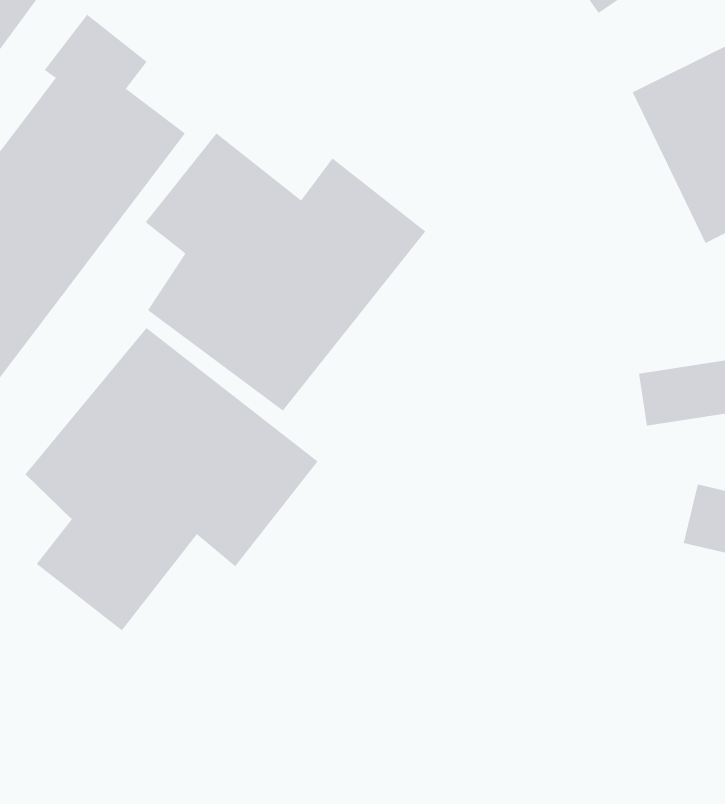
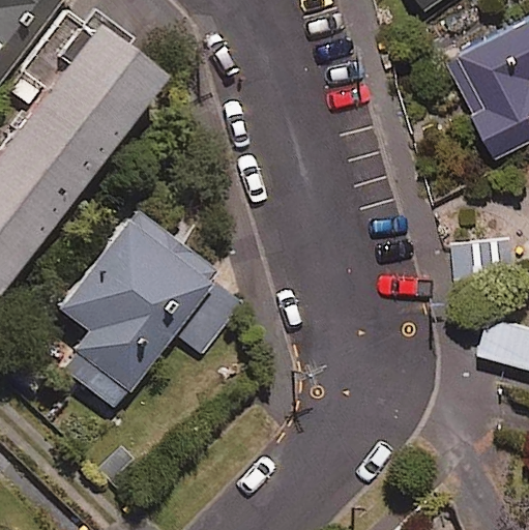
building: [145,133,426,411] -> none

